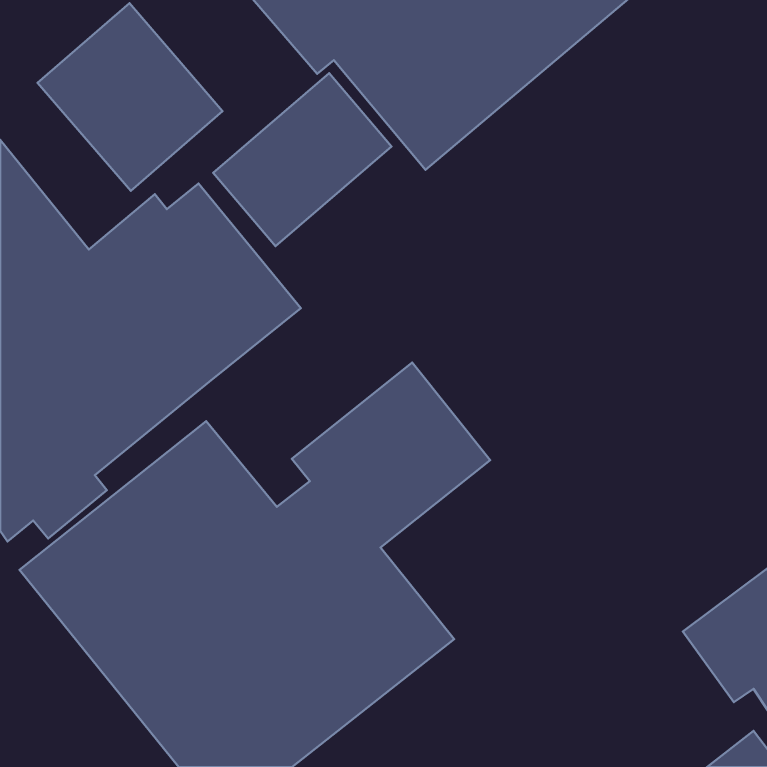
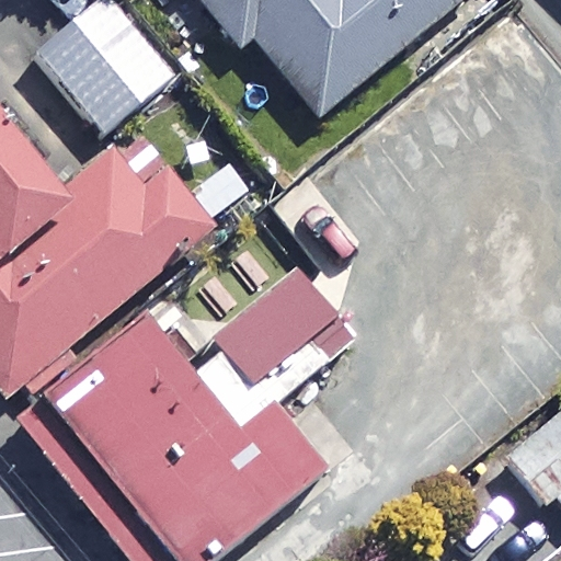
building: [213,73,392,246] -> none

